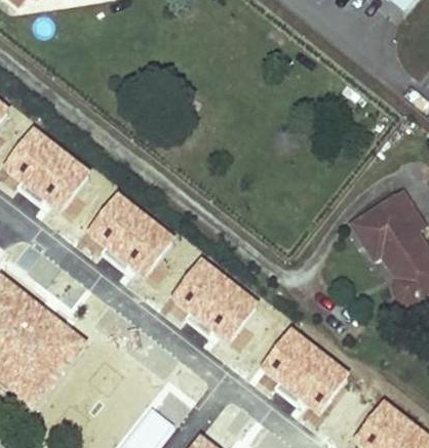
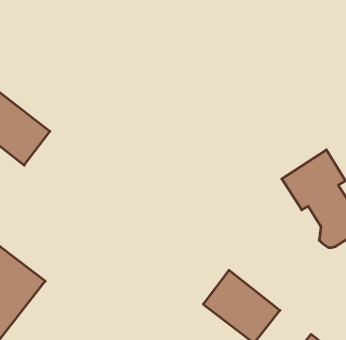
building: [88,191,174,273] -> none
building: [172,255,259,337] -> none

